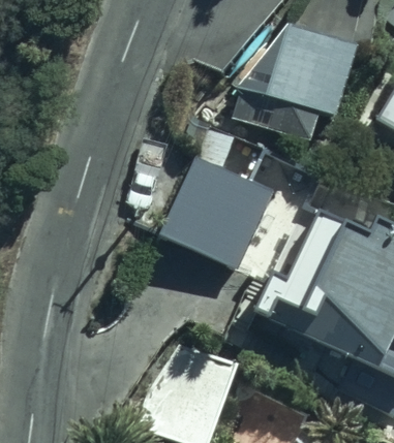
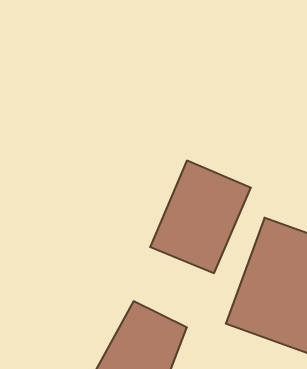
building: [225,15,355,135] -> none

